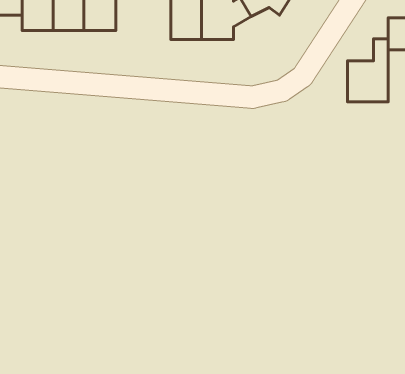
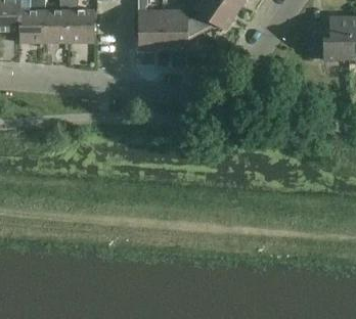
building: [347,39,388,102] -> none

